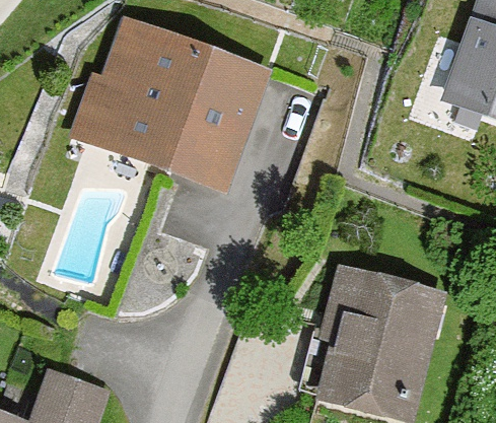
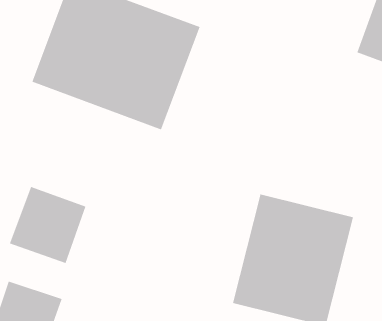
building: none -> [9,186,86,264]

